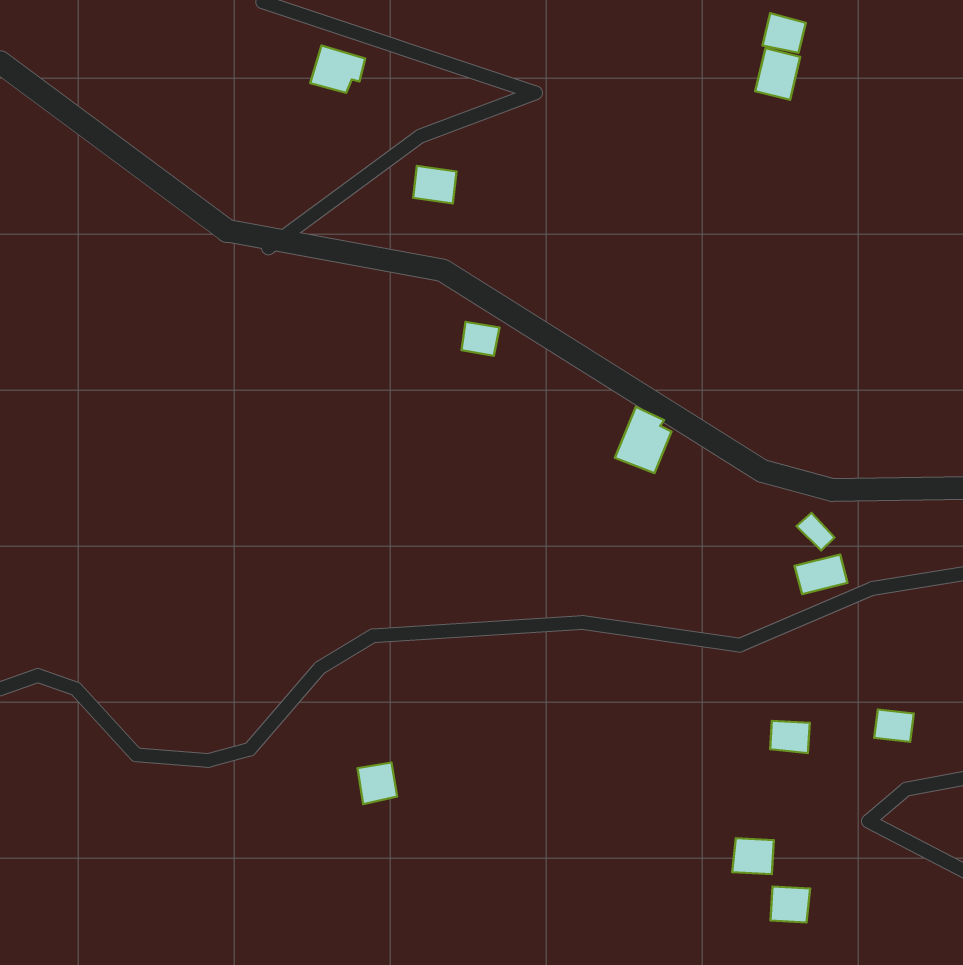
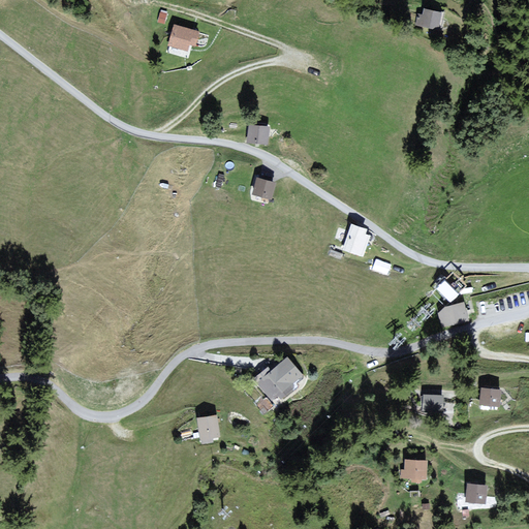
building: [755,48,800,100] -> none
building: [413,166,457,204] -> [246,124,270,145]
building: none -> [256,354,306,402]
building: [771,887,810,923] -> [466,484,488,503]

